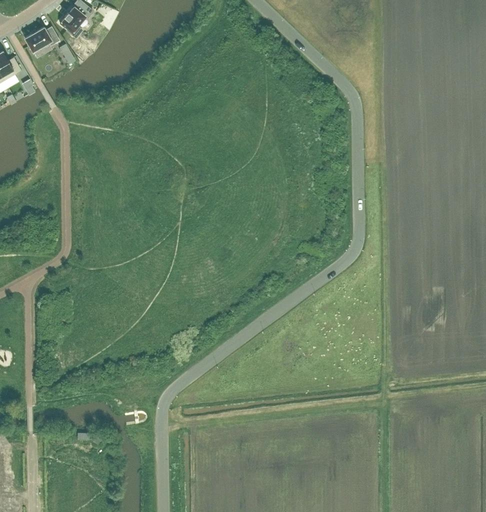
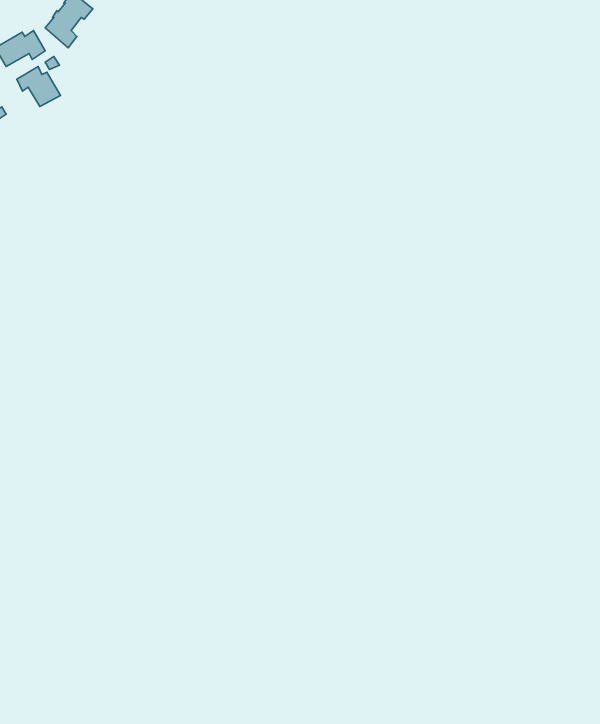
building: none -> [17,67,60,107]

